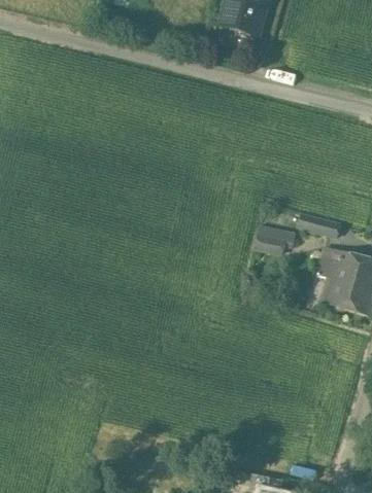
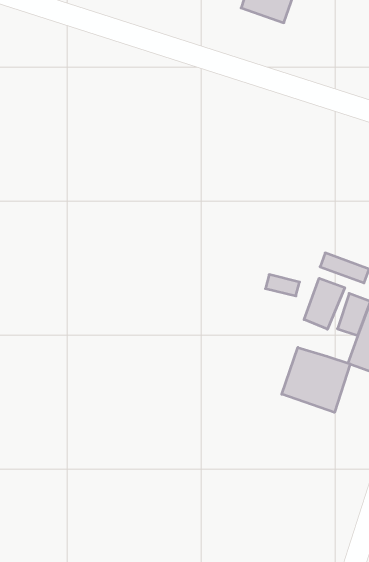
building: none -> [304,278,345,329]
building: none -> [282,347,350,412]

